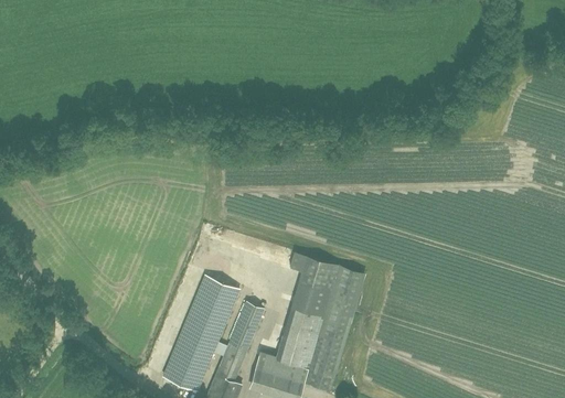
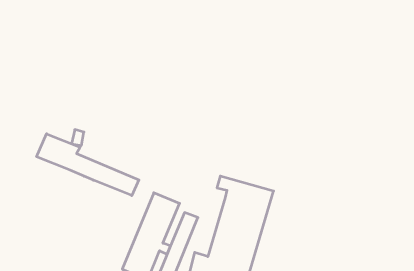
building: none -> [37,134,139,196]

